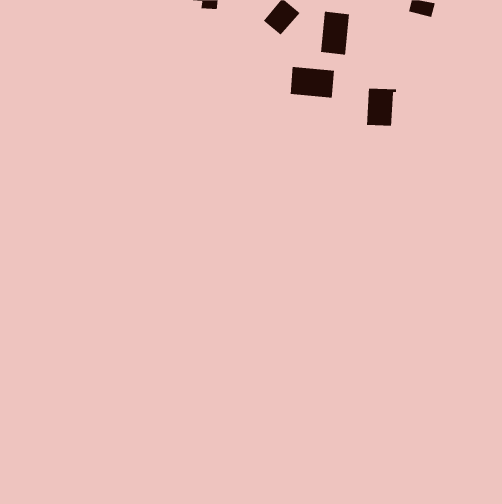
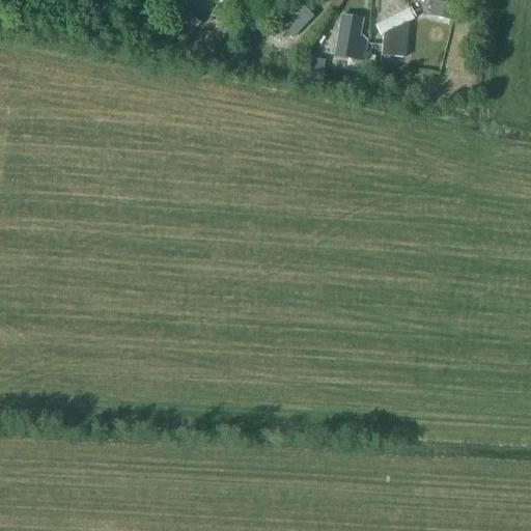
building: [290,66,335,98] -> none
building: [366,88,397,126] -> [380,13,412,54]

